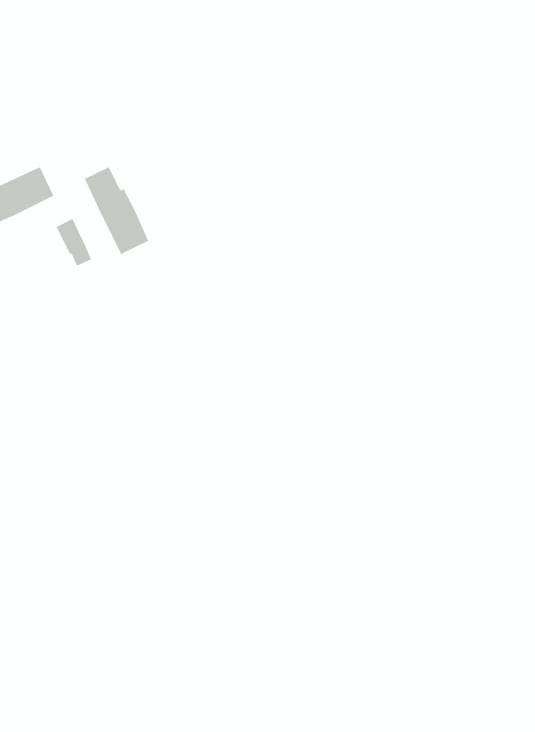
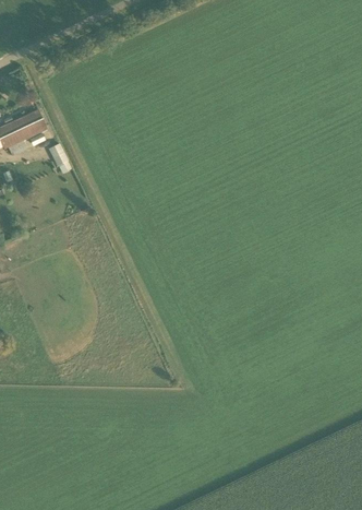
building: [84,166,149,255] -> none

